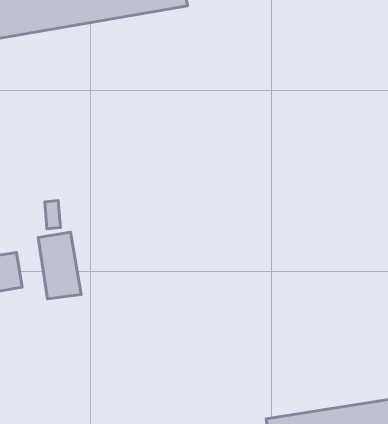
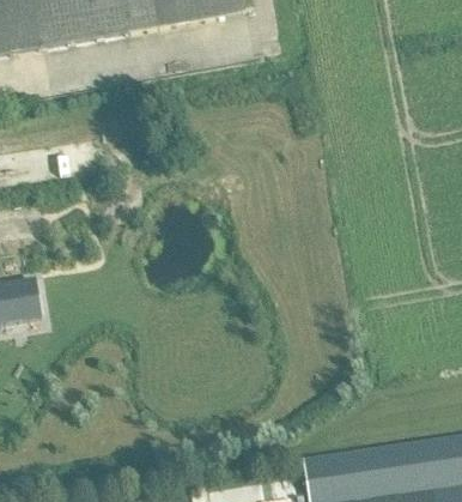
building: [38,232,81,299] -> none

